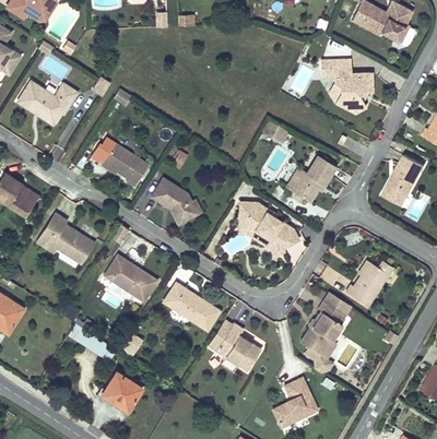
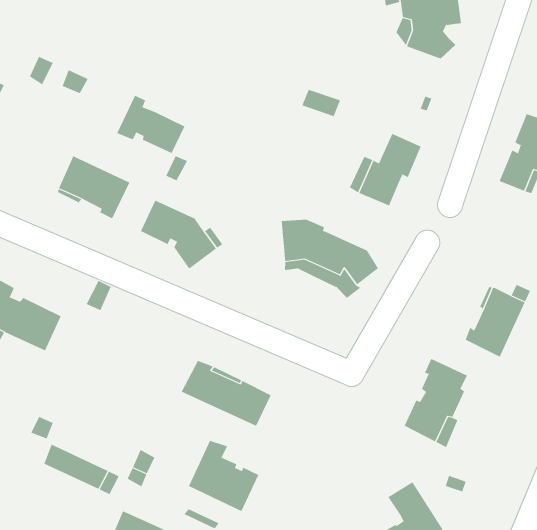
building: none -> [117,95,185,154]
building: [104,254,157,300] -> none
building: [215,323,261,371] -> [188,440,259,512]

